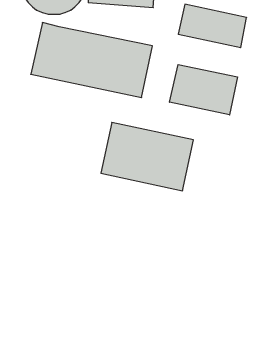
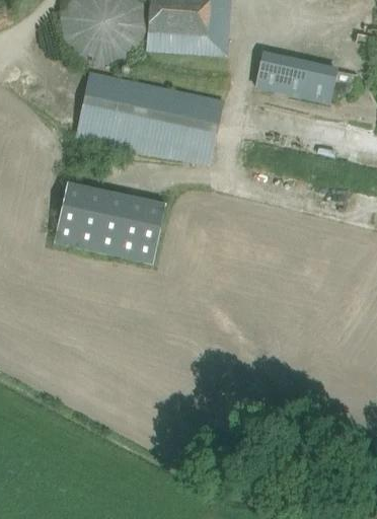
building: [170,65,237,115] -> none
building: [101,122,193,191] -> [53,181,165,265]

